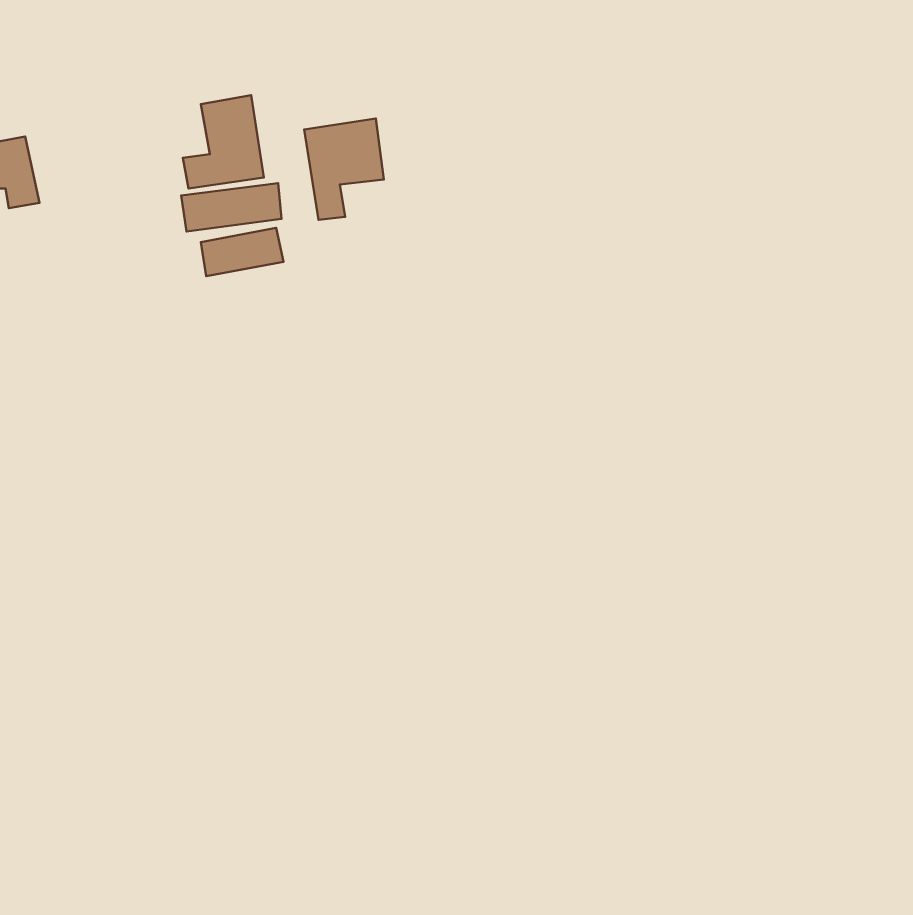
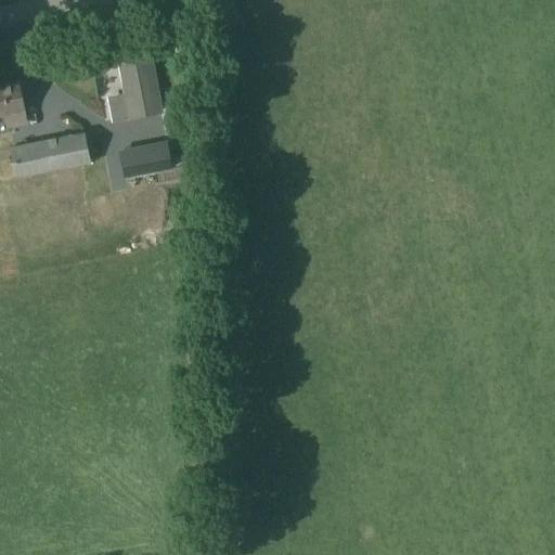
building: [304,119,384,220] -> none
building: none -> [9,132,88,179]

